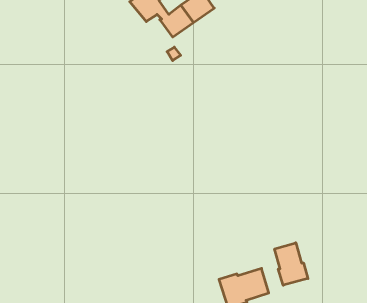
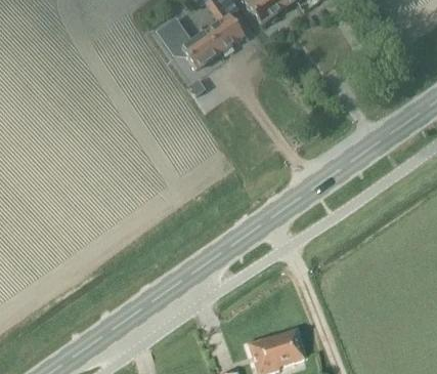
building: [275,243,308,285] -> none

